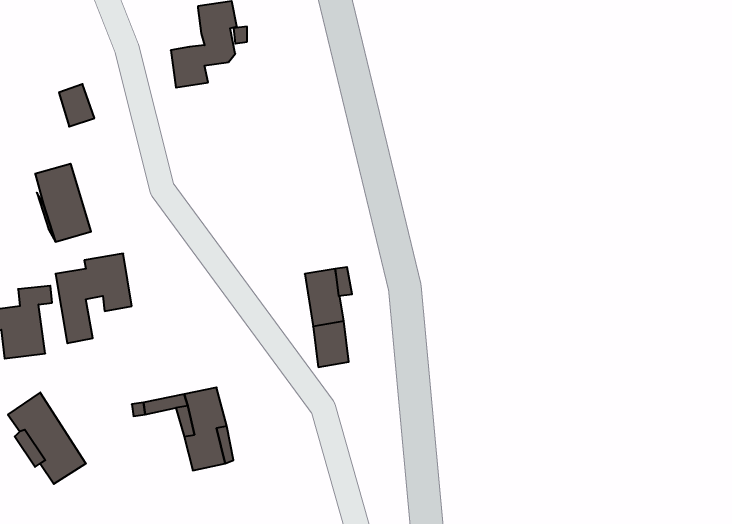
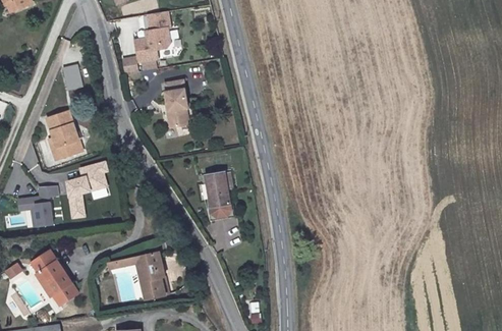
building: none -> [168,81,194,130]

